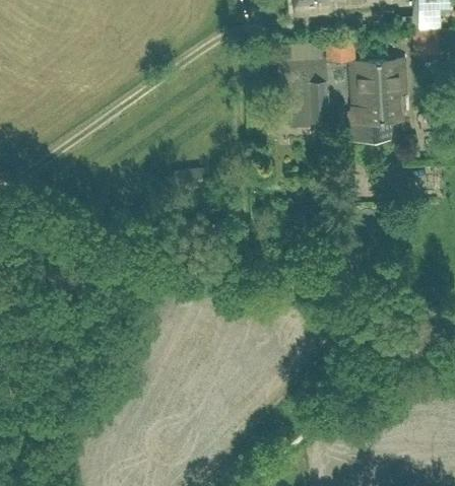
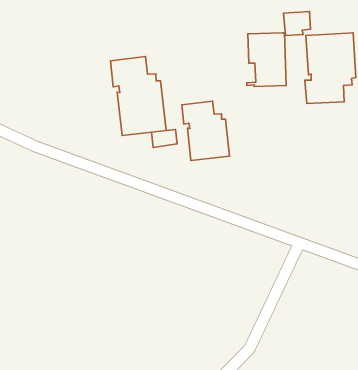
building: none -> [110,56,166,136]
building: none -> [182,101,230,161]

